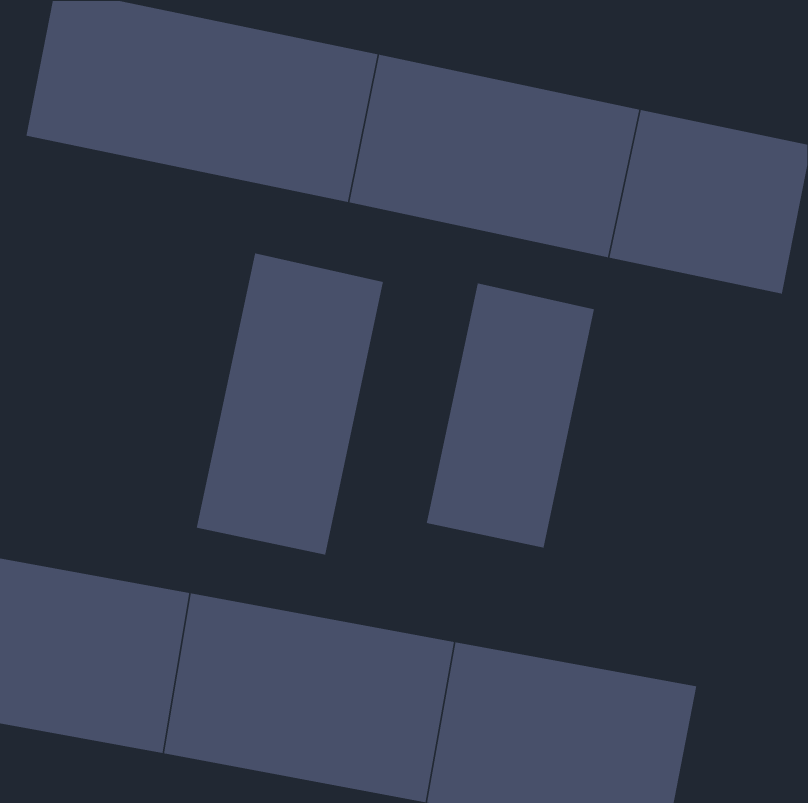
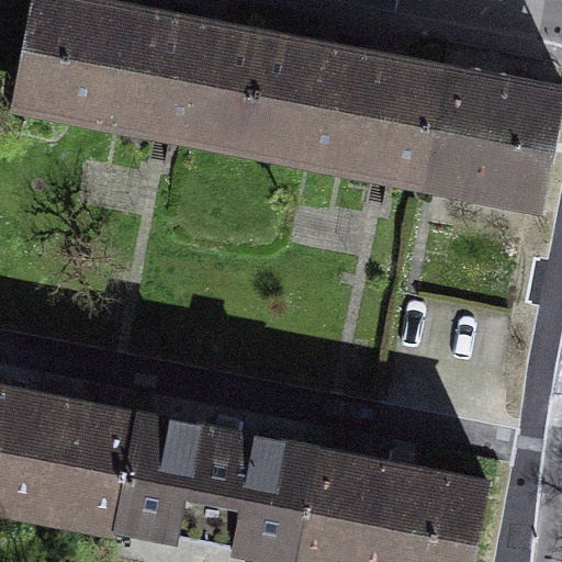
building: [196,253,384,556] -> none
building: [426,283,595,549] -> none

